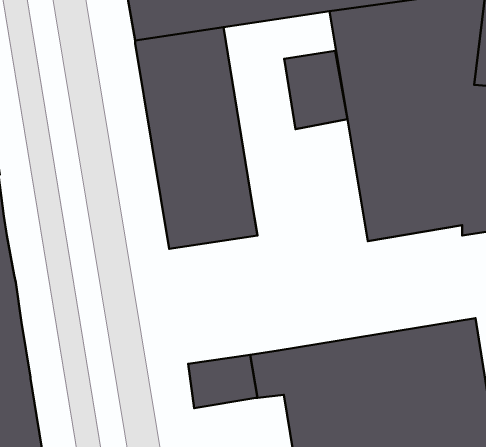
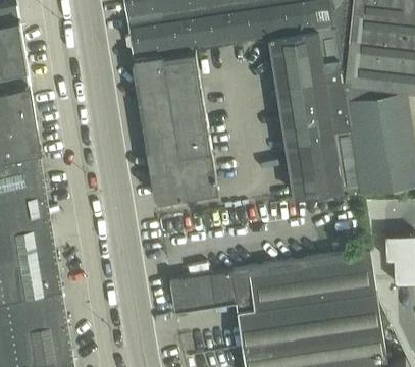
building: [284,51,348,129] -> none

